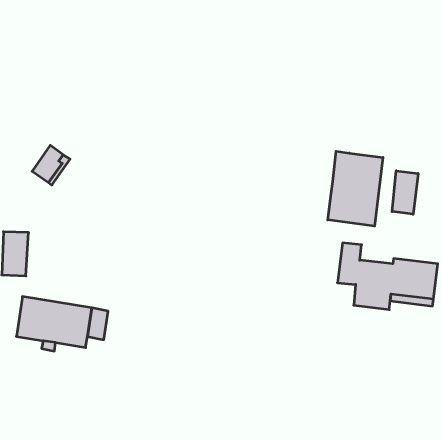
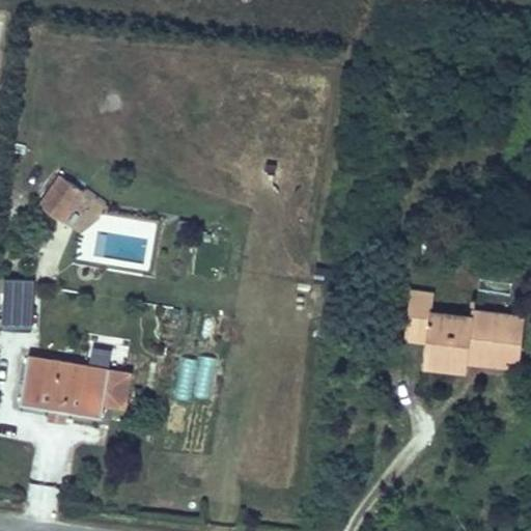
building: [328,151,383,226] -> none
building: [392,171,418,214] -> none

